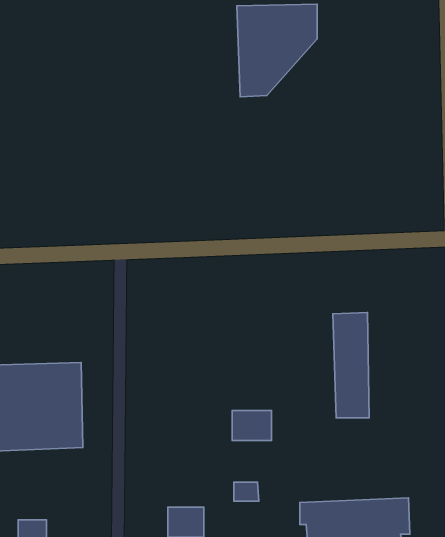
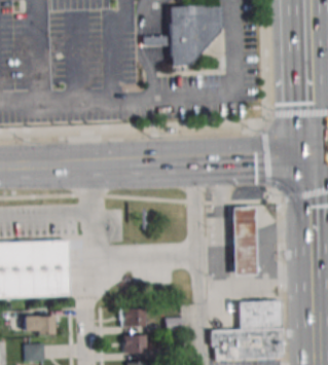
building: [232,410,271,440] -> [121,307,147,327]
building: none -> [240,299,283,329]
building: none -> [25,315,56,334]

